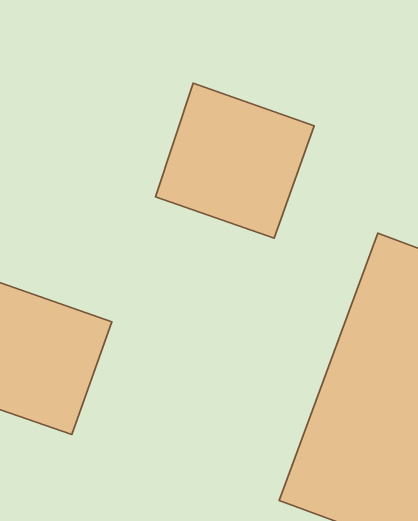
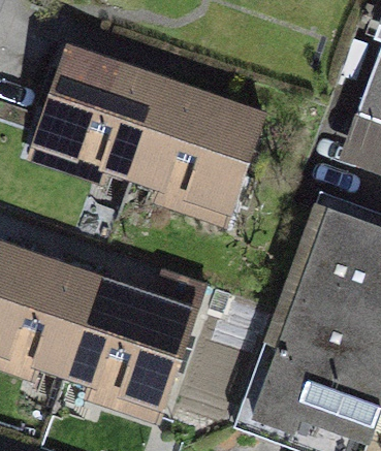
building: none -> [39,51,167,178]
building: none -> [67,281,199,408]

